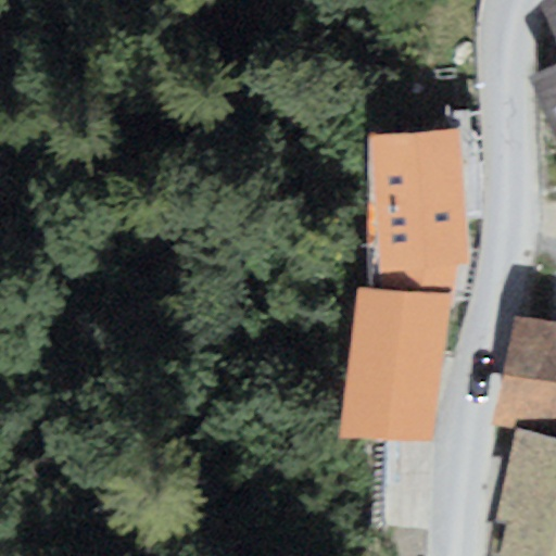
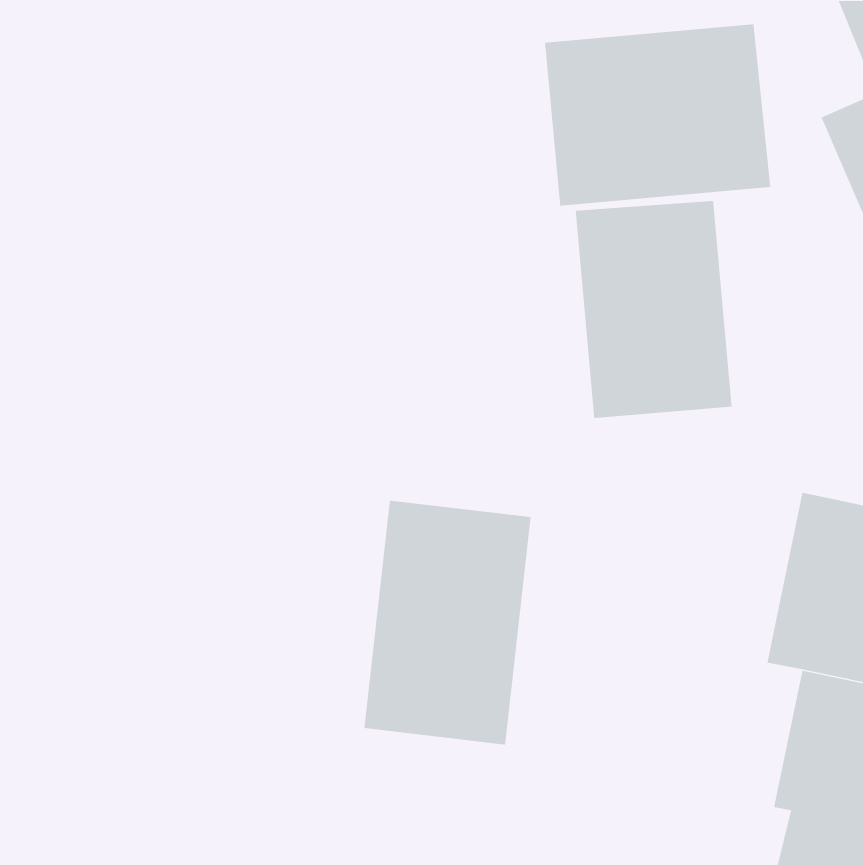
building: none -> [544,23,771,206]
building: [341,287,448,444] -> [364,500,531,746]

